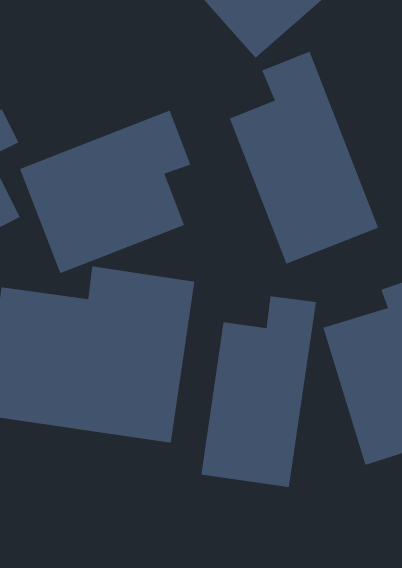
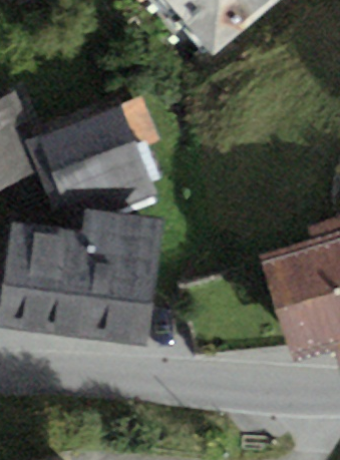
building: [229,51,379,265] -> none
building: [201,295,317,488] -> none

